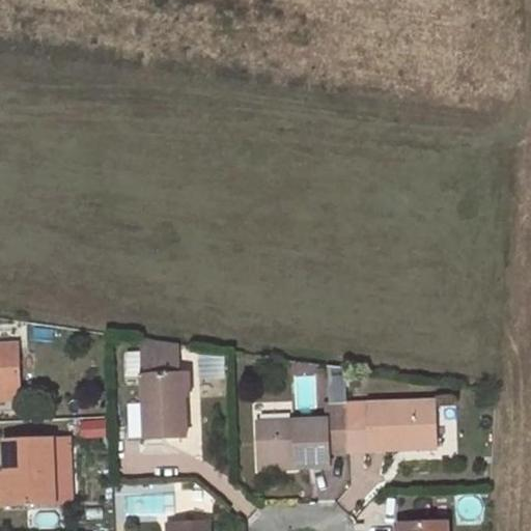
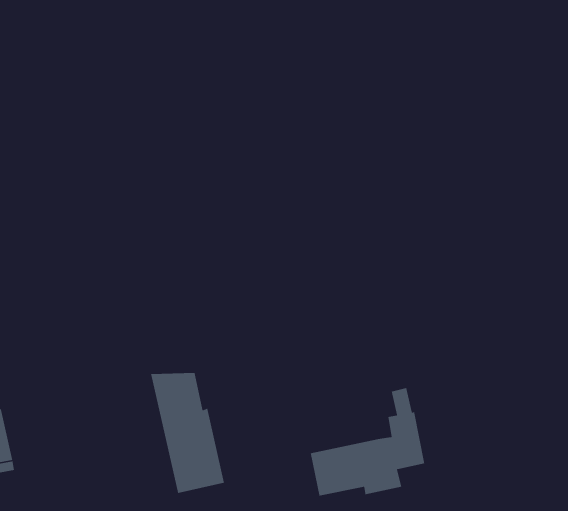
building: [347,401,436,448] -> none

